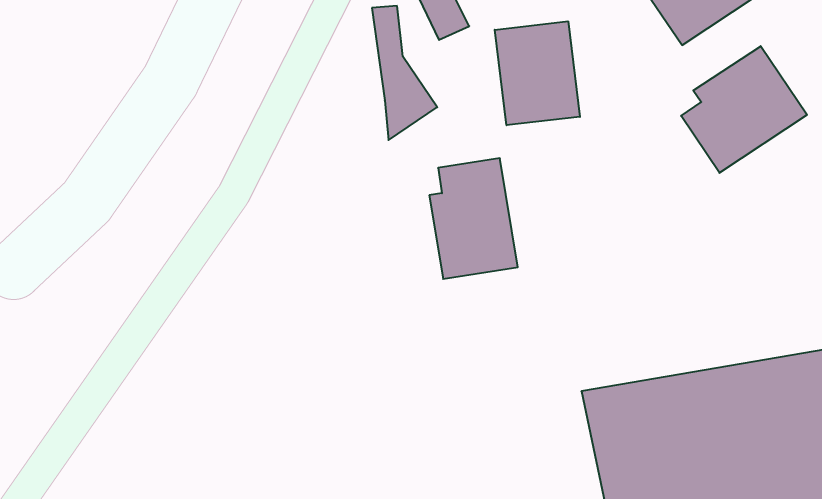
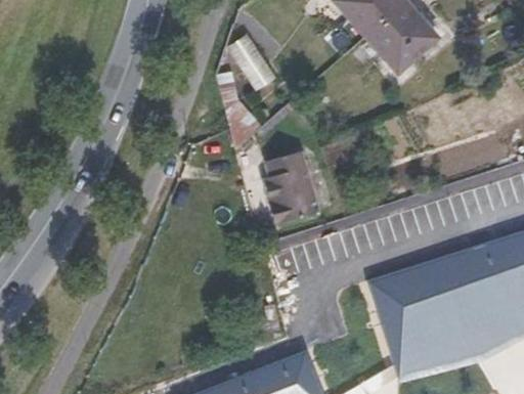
building: [495,21,580,125] -> none
building: [681,46,807,173] -> none

